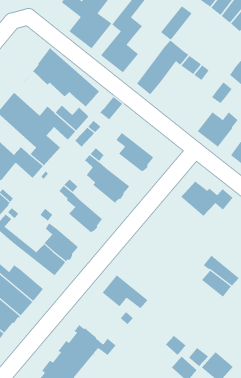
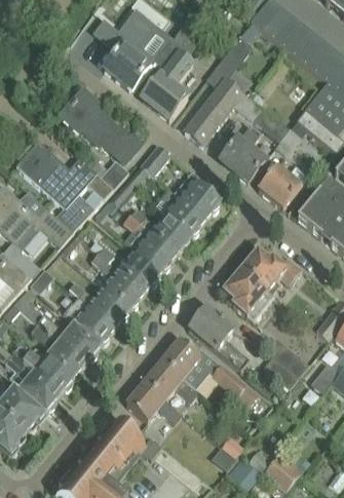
building: none -> [221,124,265,181]
building: none -> [174,173,221,220]
building: none -> [149,215,192,255]
building: none -> [117,253,160,294]
building: none -> [221,267,273,319]
building: none -> [89,288,130,328]
building: none -> [189,306,250,375]
building: none -> [31,323,87,378]
building: none -> [161,339,259,406]
building: none -> [126,382,165,421]

